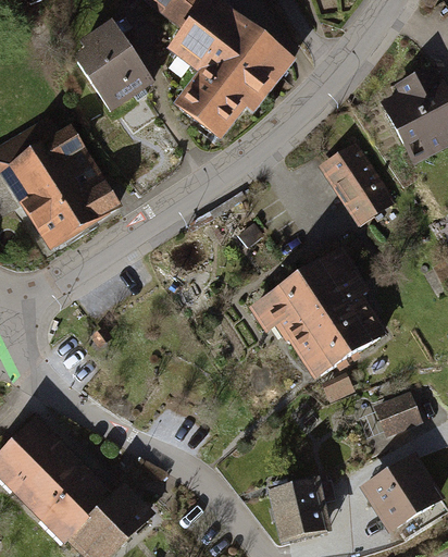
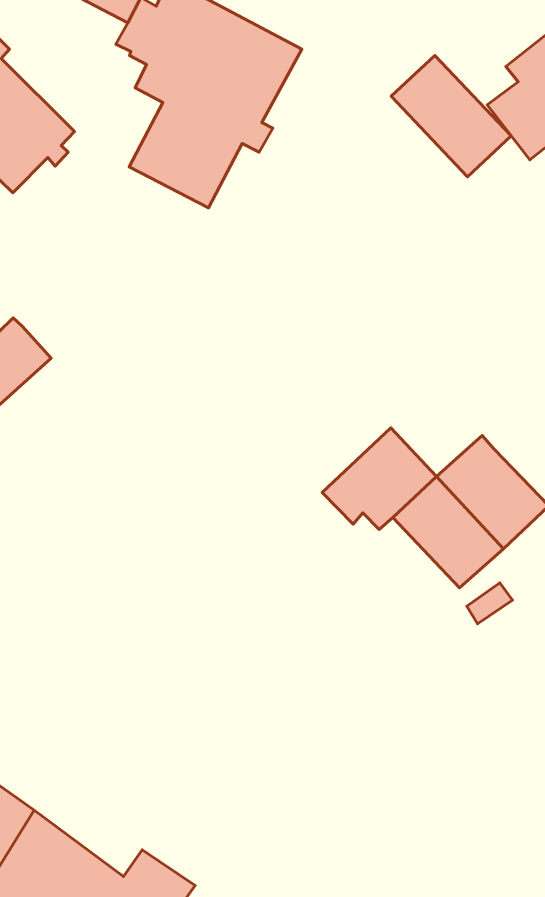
building: [324,145,387,215] -> [391,55,511,177]
building: [299,249,366,308] -> none
building: [272,478,322,537] -> none

